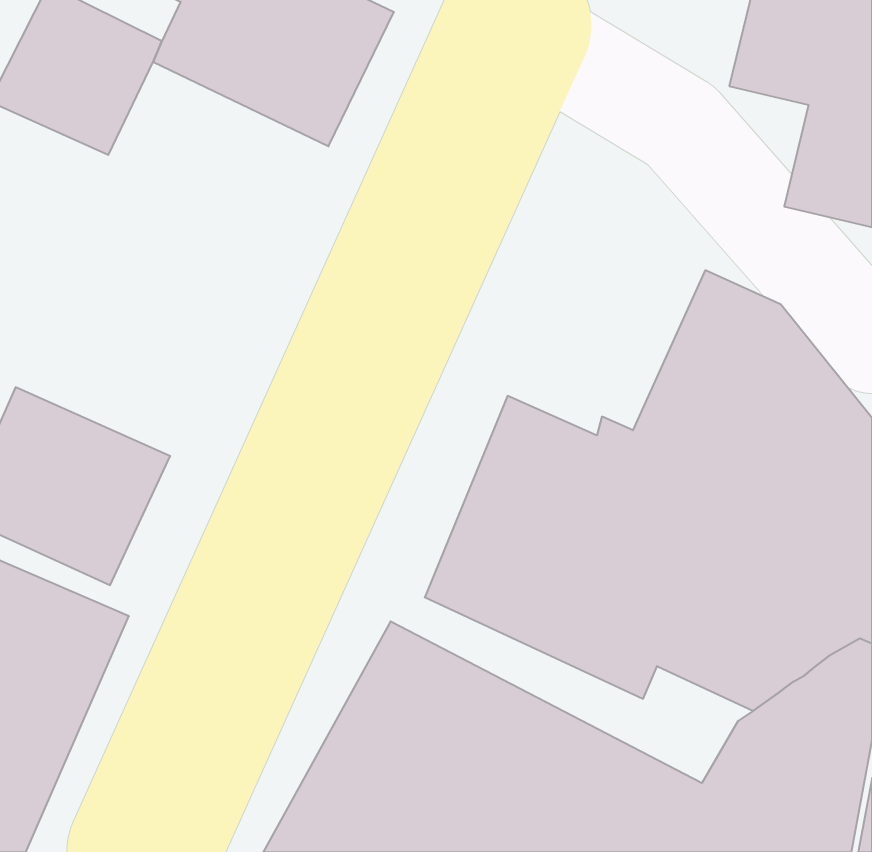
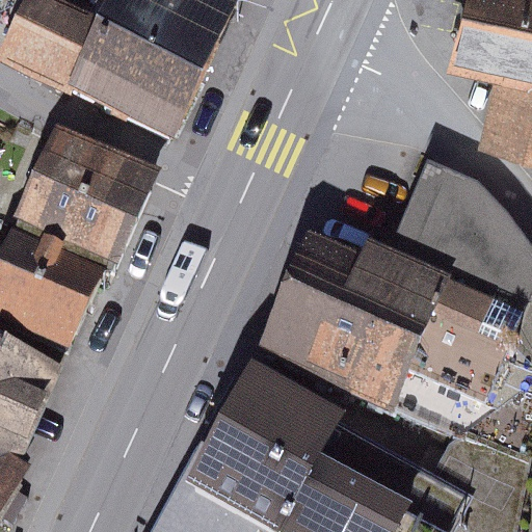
building: none -> [65,37,198,144]
building: none -> [15,132,154,268]

